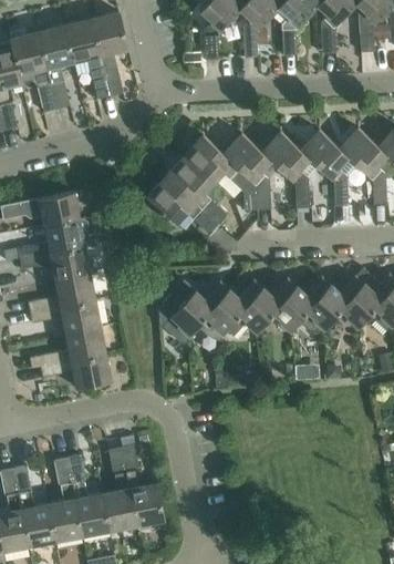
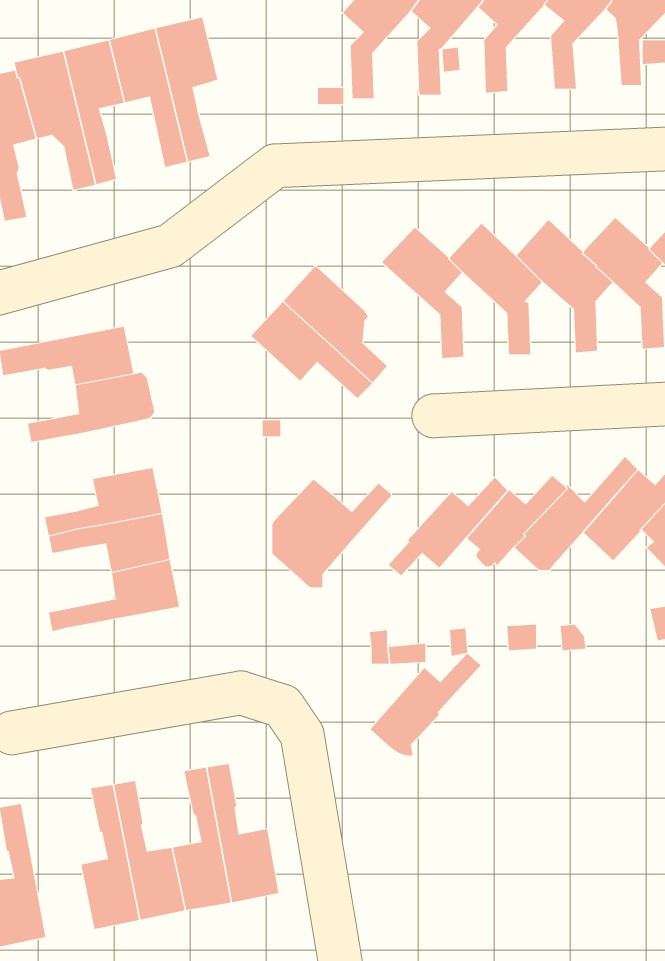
building: [185,134,258,211] -> none
building: [20,245,91,279] -> none
building: [198,280,263,340] -> [370,653,482,756]
building: [41,353,112,388] -> none
building: [14,464,56,545] -> none

